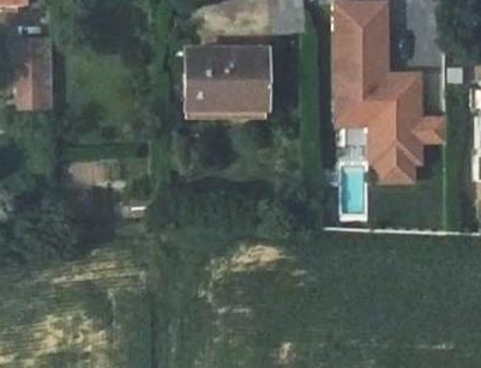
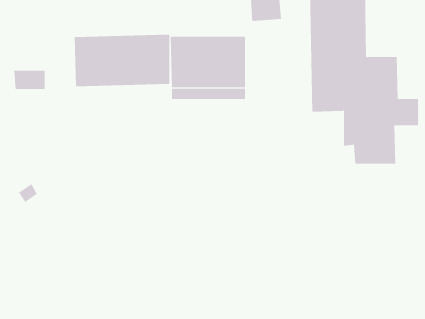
building: [17,37,52,83] -> none
building: none -> [74,34,170,87]

